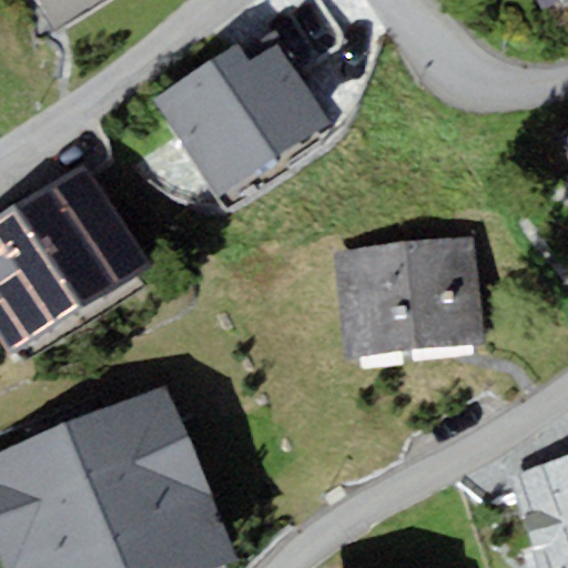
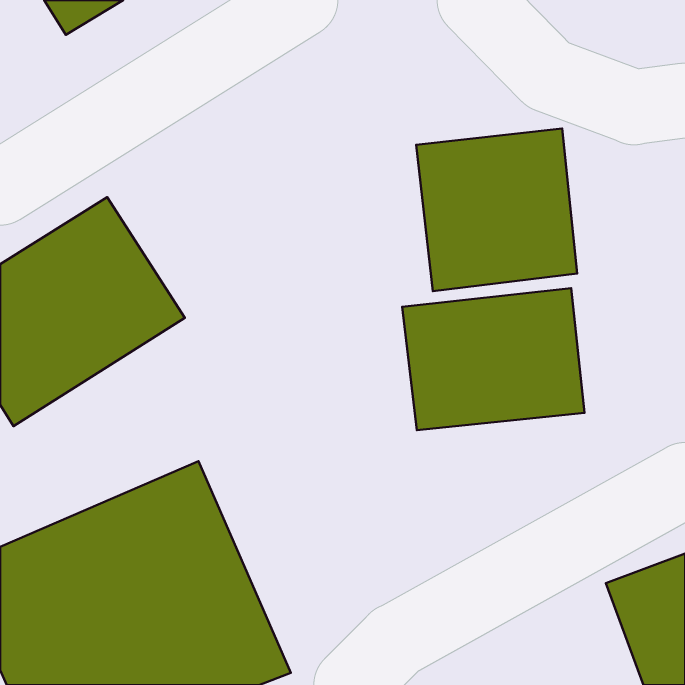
building: [154,41,331,194] -> none
building: none -> [416,129,577,291]

